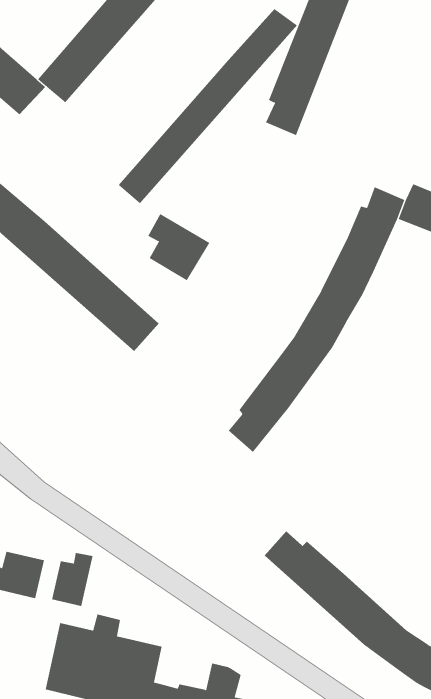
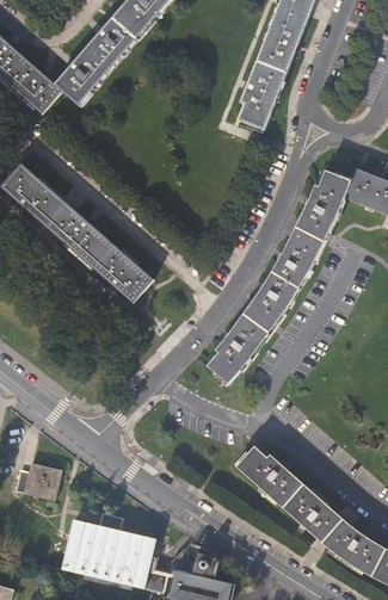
building: [118,8,298,204] -> none
building: [148,213,210,281] -> none
building: [51,552,93,607] -> none

